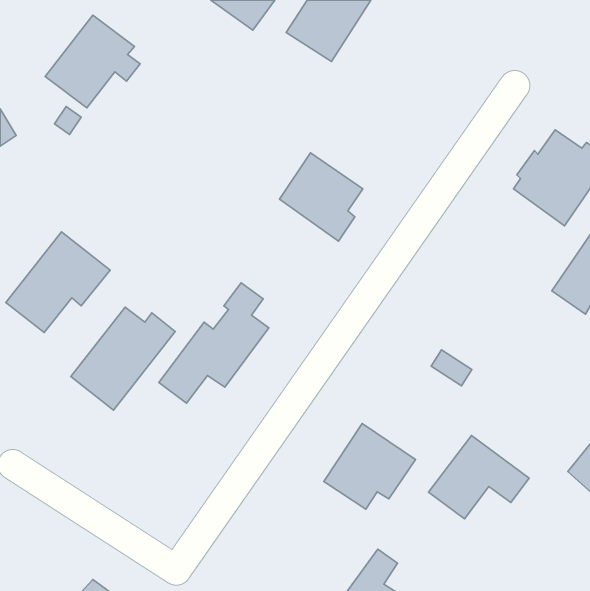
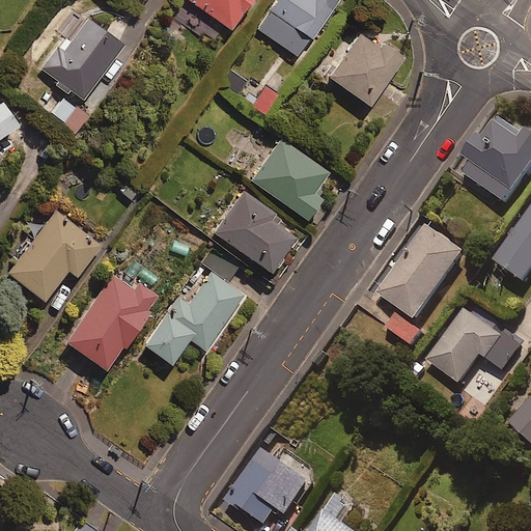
building: none -> [329,32,402,104]
building: none -> [215,191,298,270]
building: none -> [380,225,466,320]
building: [324,423,416,509] -> [229,449,311,526]
building: [428,435,529,519] -> [429,310,520,385]

